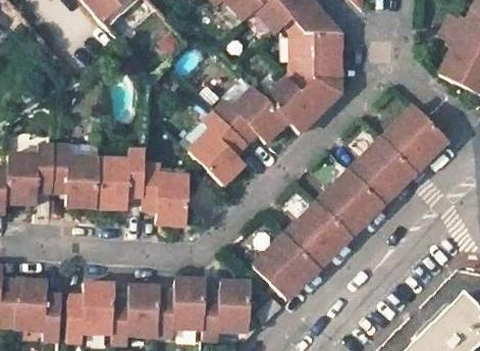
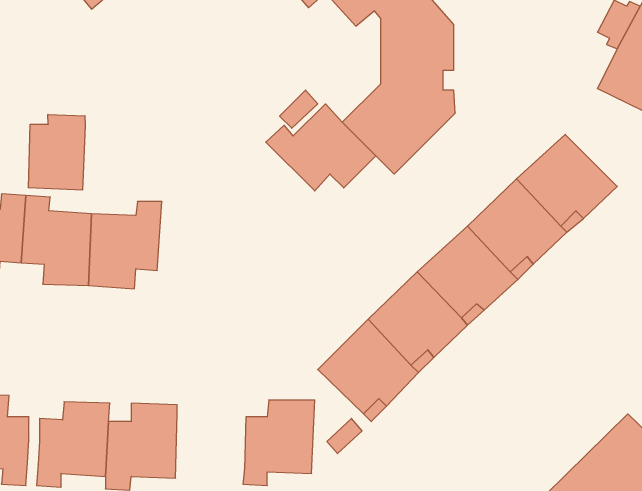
building: none -> [28,114,85,190]
building: [192,110,249,184] -> none
building: [144,163,192,224] -> none
building: [156,279,203,336] -> none

